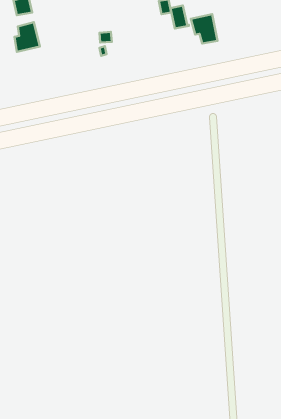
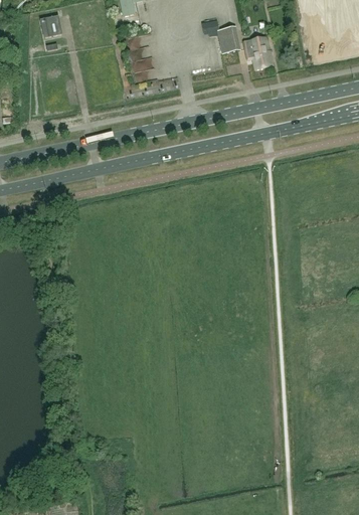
building: [14,22,40,52] -> none

